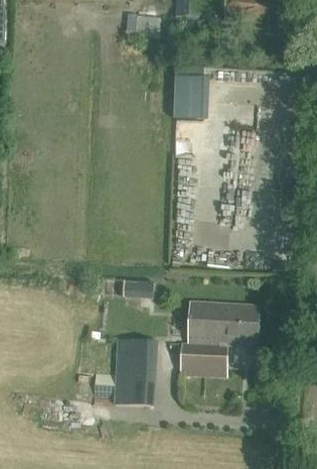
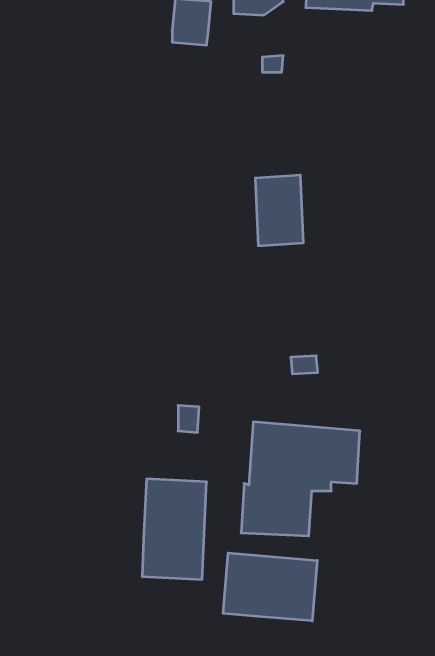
building: [179,72,211,119] -> [255,175,303,246]
building: none -> [223,553,317,621]

